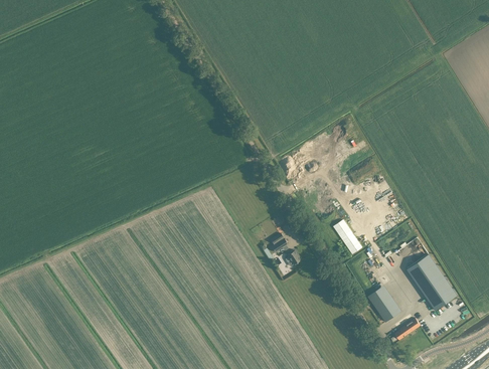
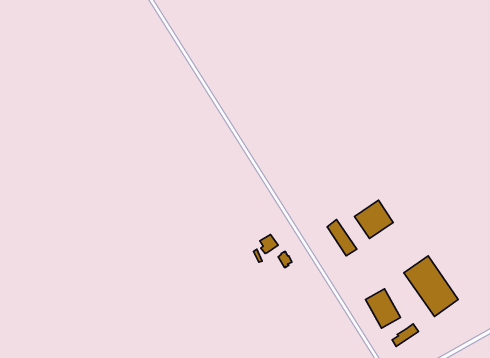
building: none -> [355,200,393,239]

